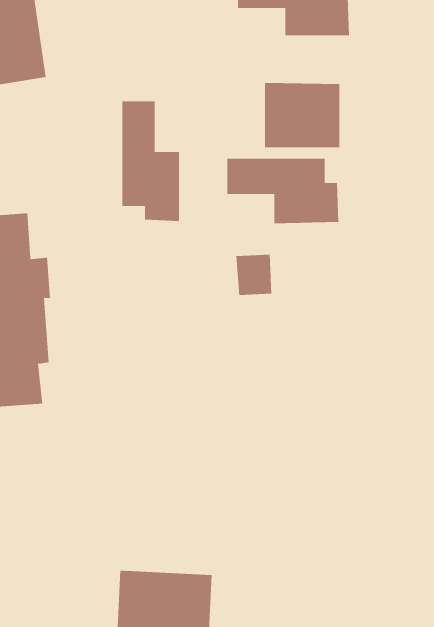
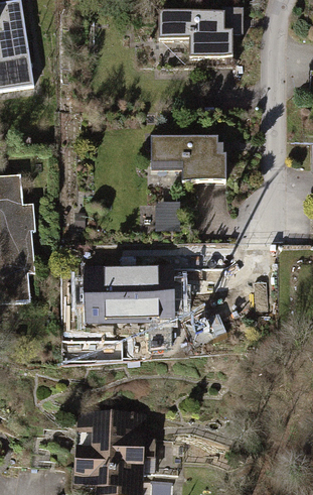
building: [264,82,340,148] -> none
building: [122,100,179,222] -> none
building: none -> [85,260,170,320]

